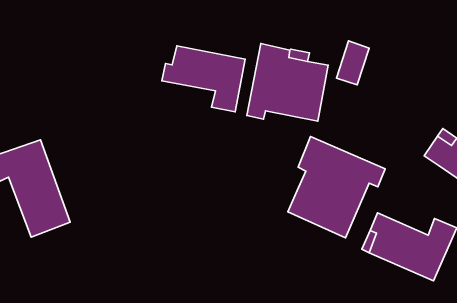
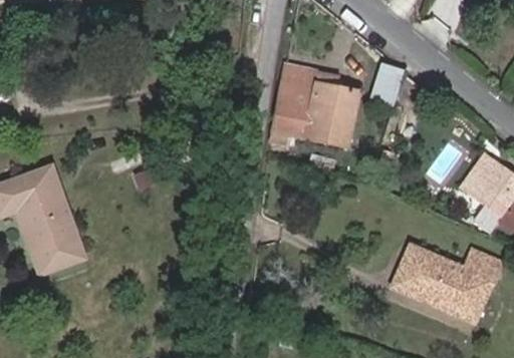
building: [162,46,245,112] -> none
building: [288,137,385,238] -> none

